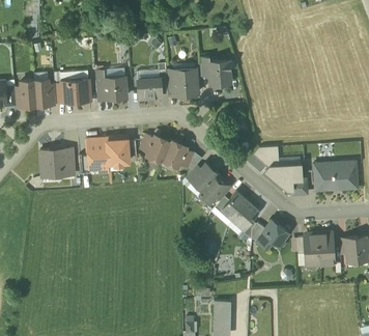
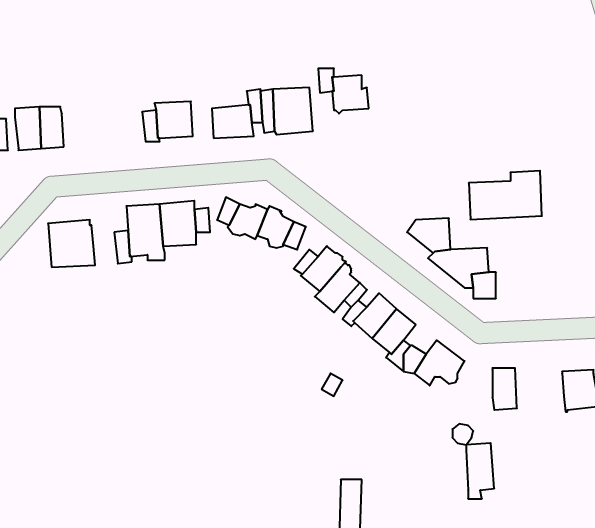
building: [60,79,89,102] -> none
building: [313,161,357,190] -> [469,171,542,219]
building: [317,231,334,264] -> [466,443,494,499]

